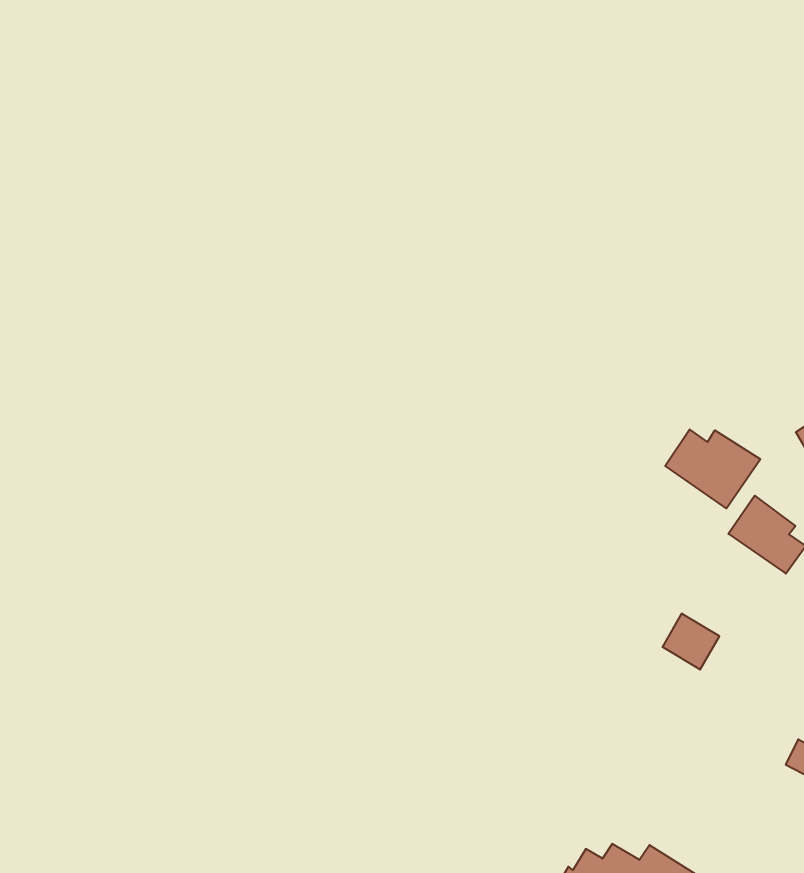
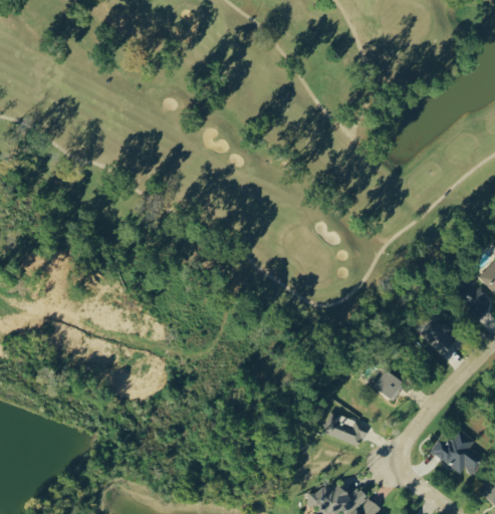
building: [665,429,760,508] -> none
building: none -> [323,412,368,447]

